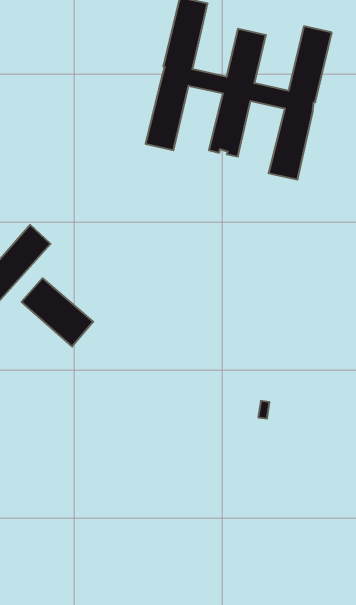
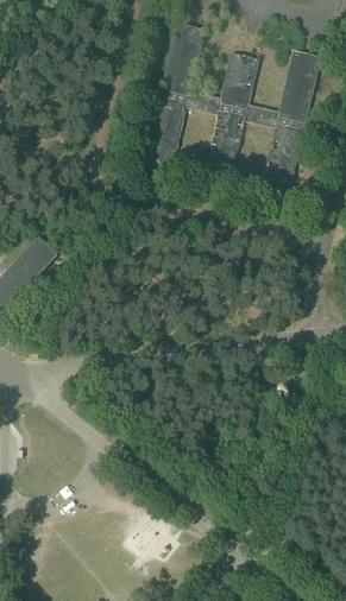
building: [22,278,93,347] -> none

